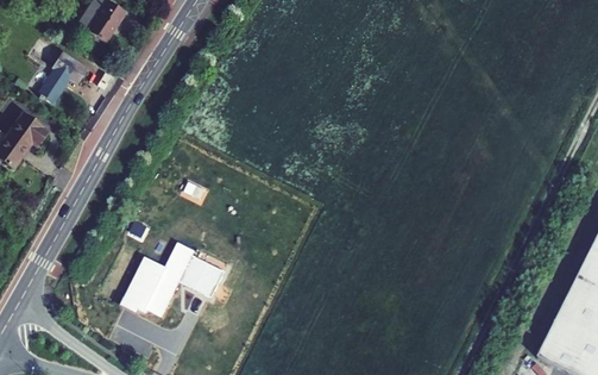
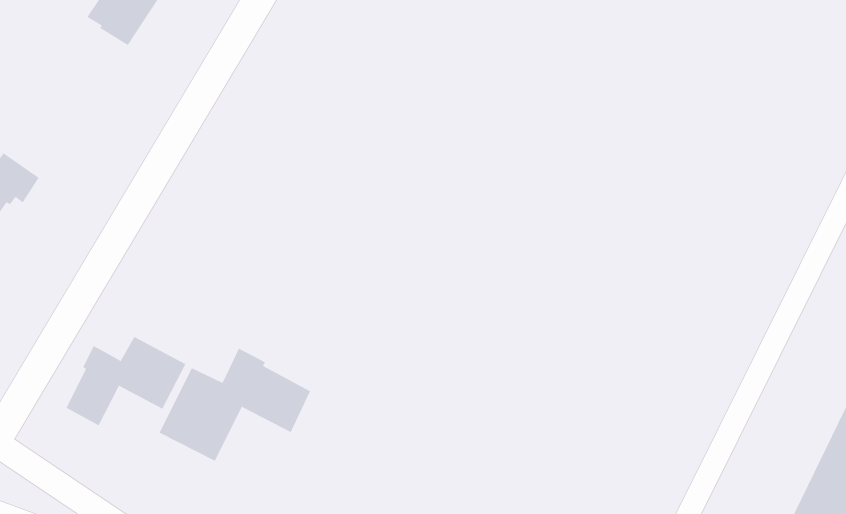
building: [36,51,86,104] -> none
building: none -> [66,336,186,426]

